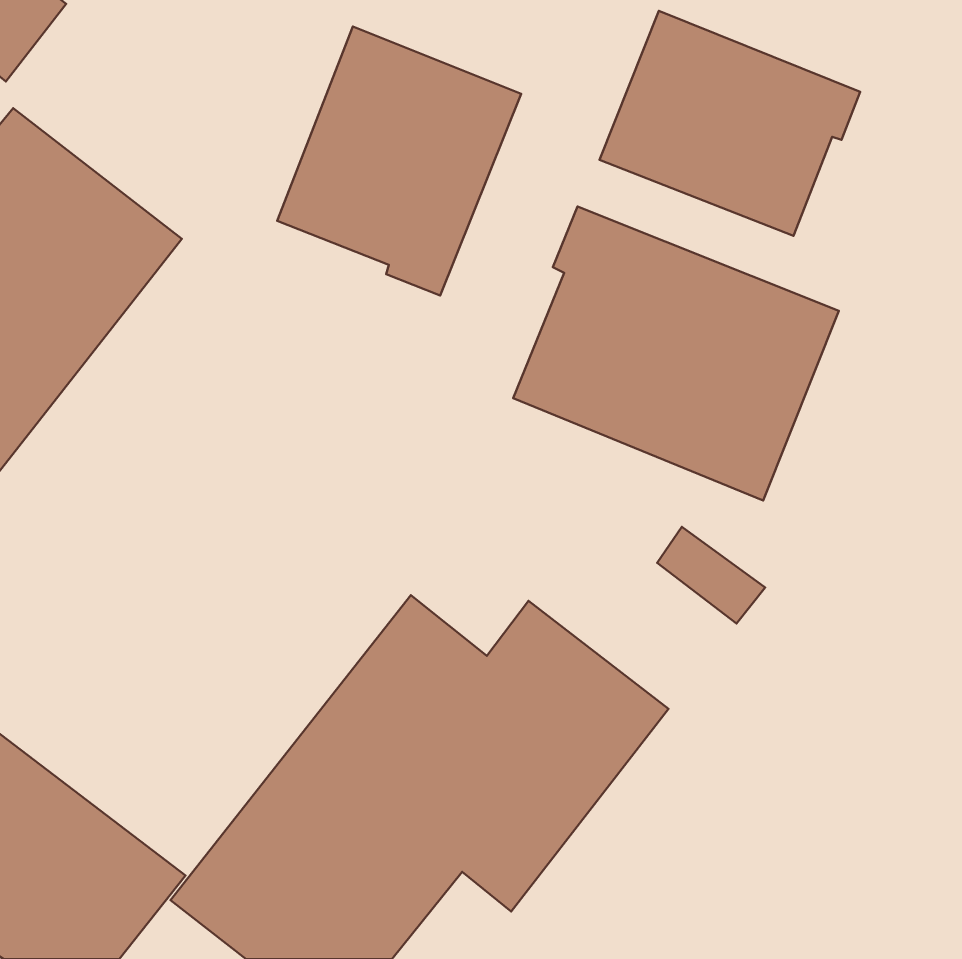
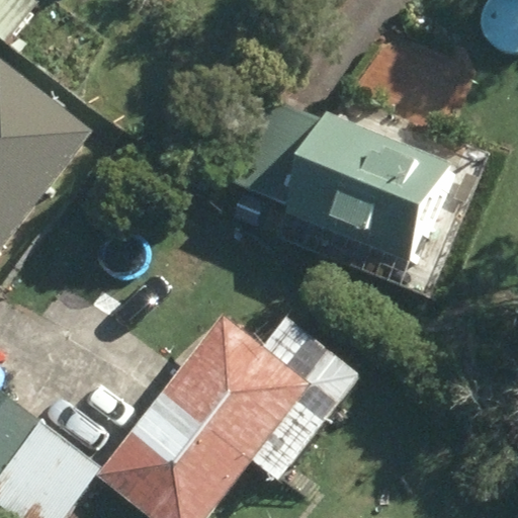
building: [599,11,860,236] -> none
building: [277,26,521,296] -> none

